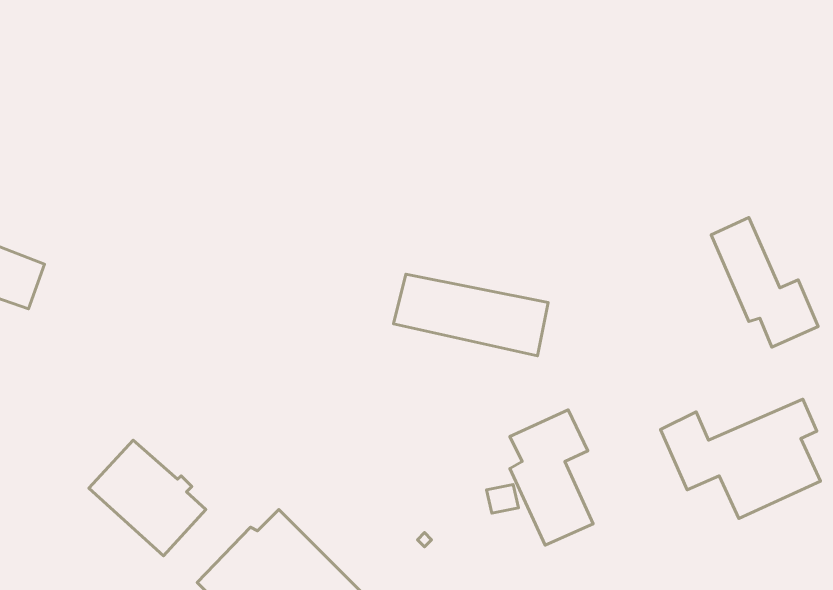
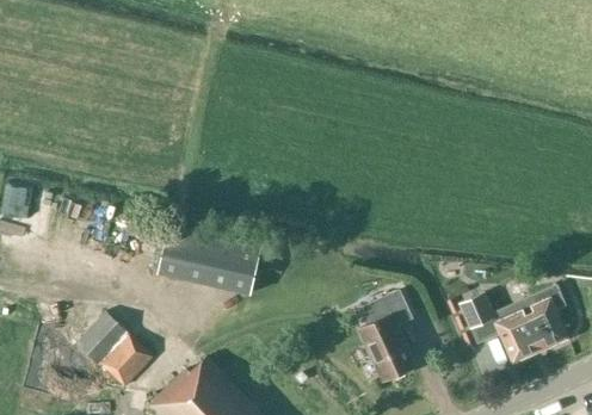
building: [711,218,818,347] -> none
building: [394,274,548,356] -> [159,237,263,292]

